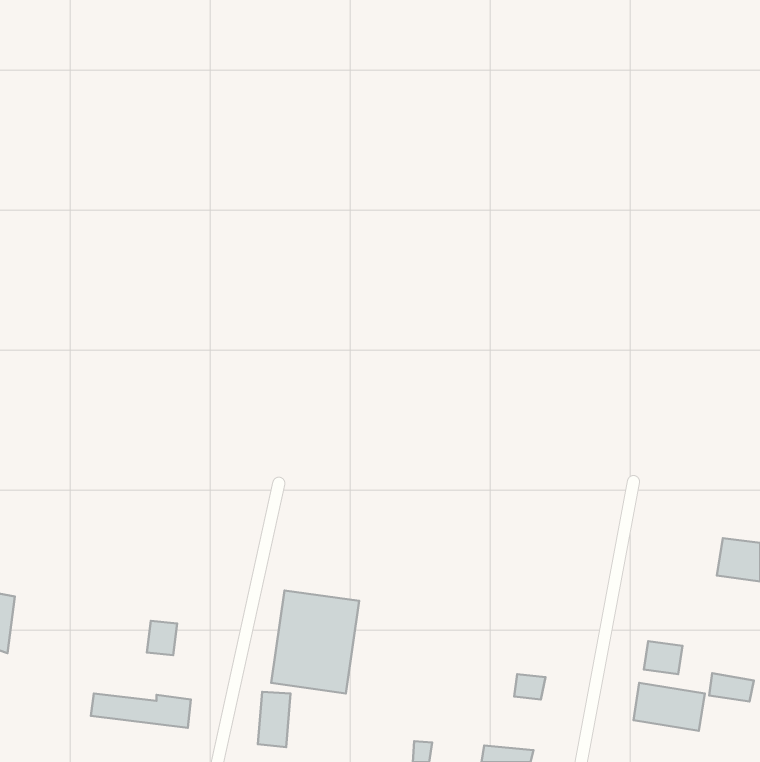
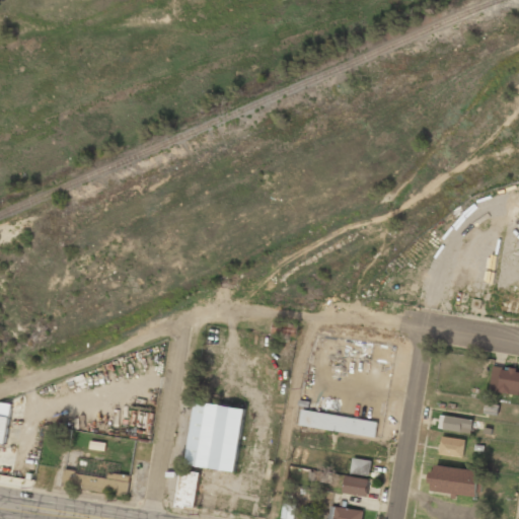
building: none -> [299,412,376,435]
building: [147,621,177,655] -> none
building: [709,673,754,702] -> [442,415,472,434]
building: none -> [343,476,367,497]

